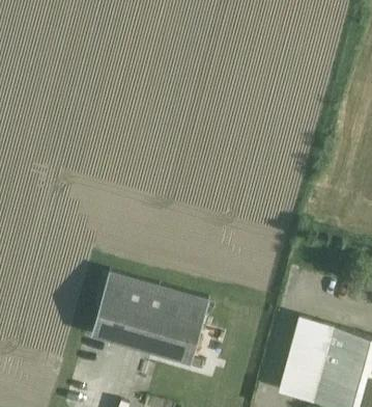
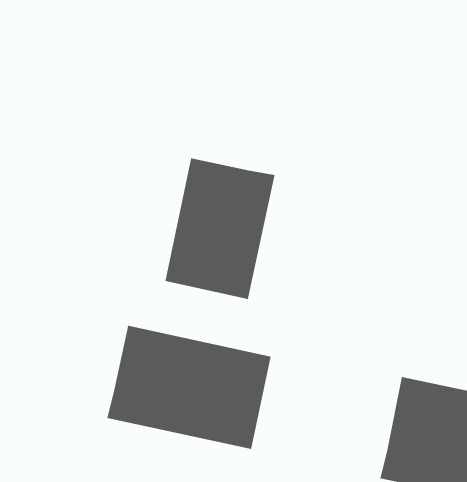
building: none -> [165,157,275,300]

